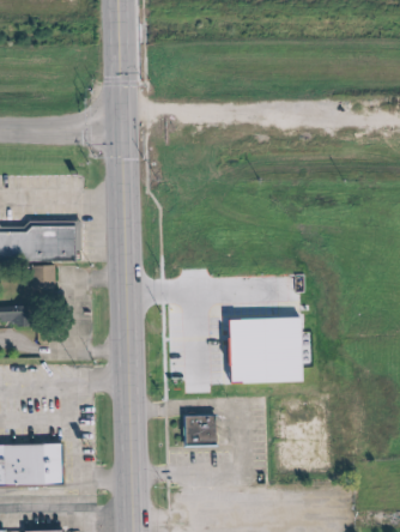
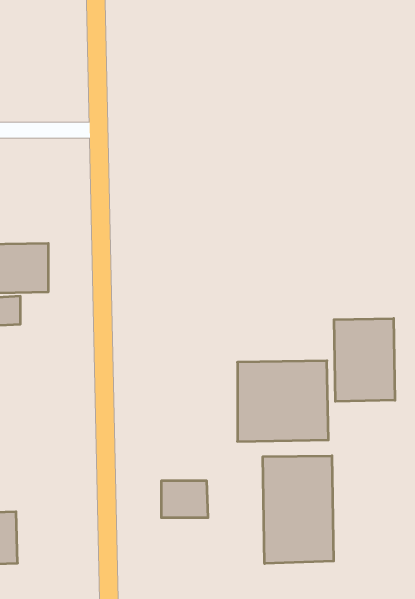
building: none -> [334,318,395,401]
building: none -> [263,456,334,564]

